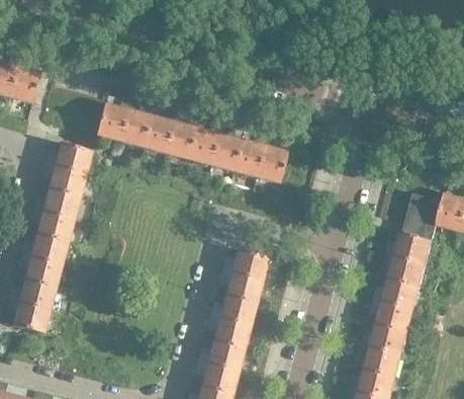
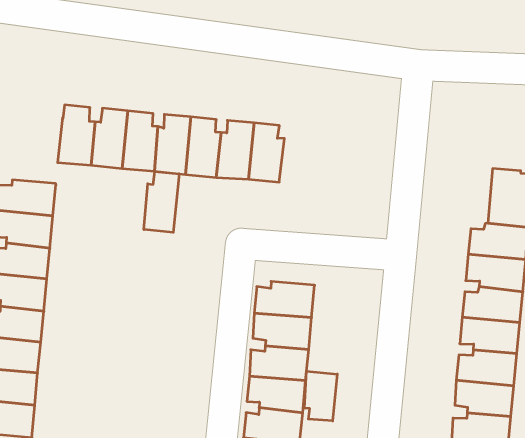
building: [257,139,291,185] -> none
building: none -> [144,171,179,232]
building: none -> [304,371,337,421]

